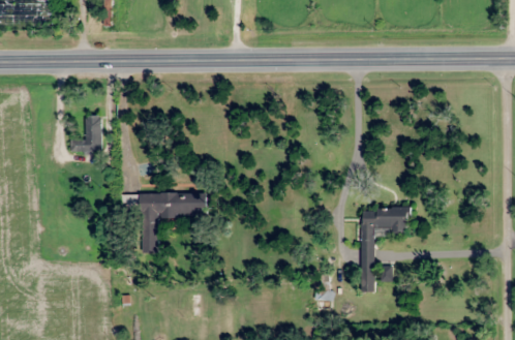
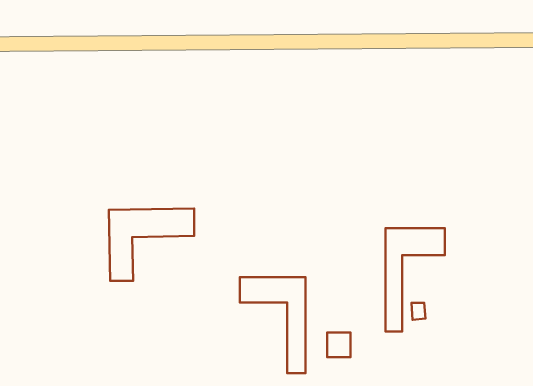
building: [74,115,100,152] -> none
building: none -> [240,277,306,373]

